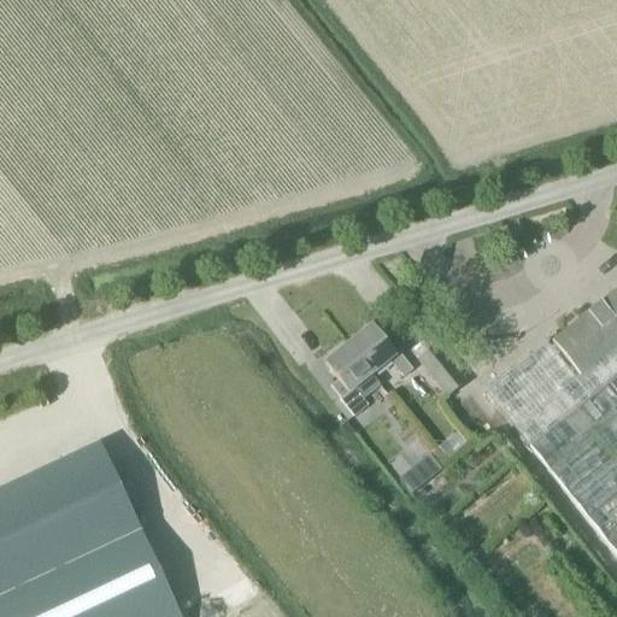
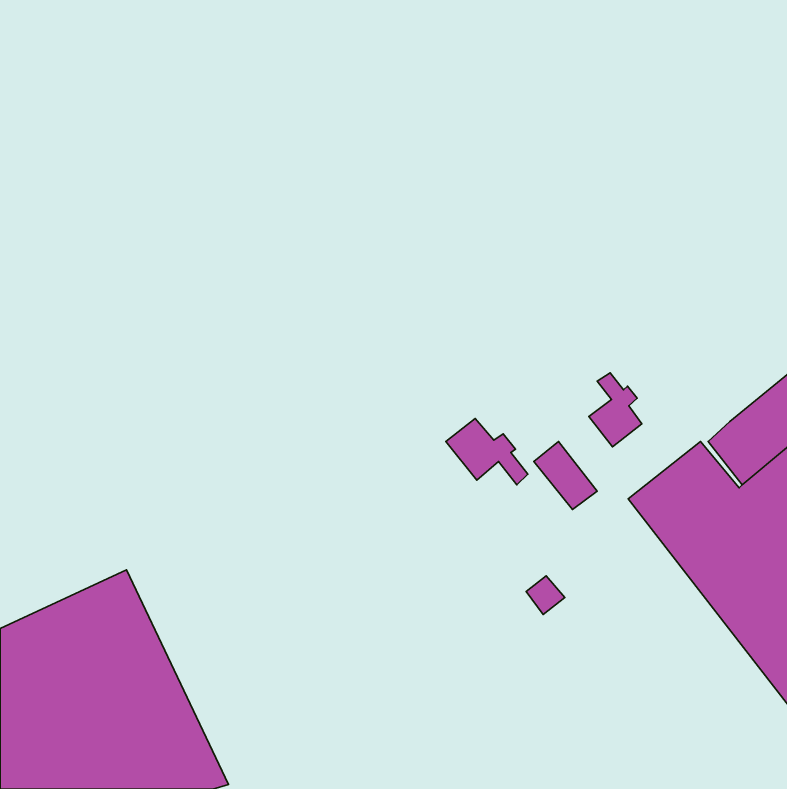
building: none -> [589,373,642,447]
building: [325,345,381,418] -> none

